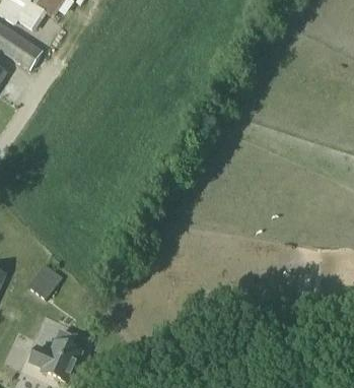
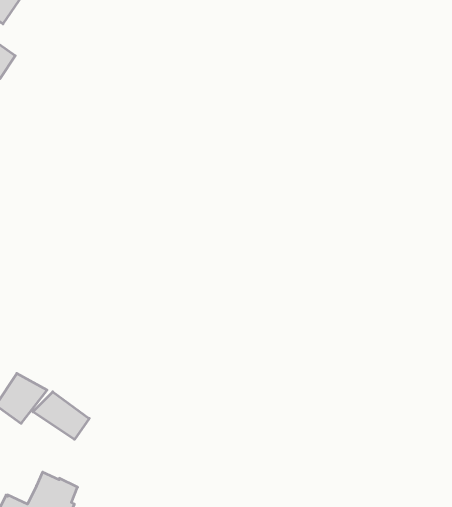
building: none -> [33,392,89,439]

